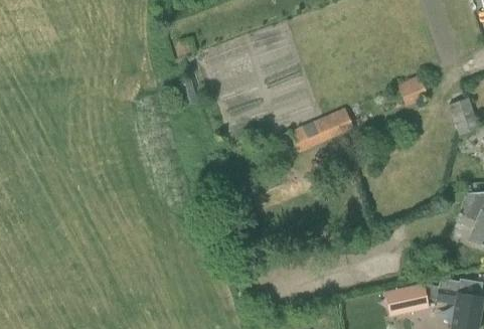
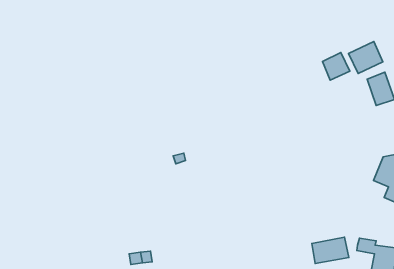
building: none -> [349,41,383,73]
building: [274,108,354,158] -> none

